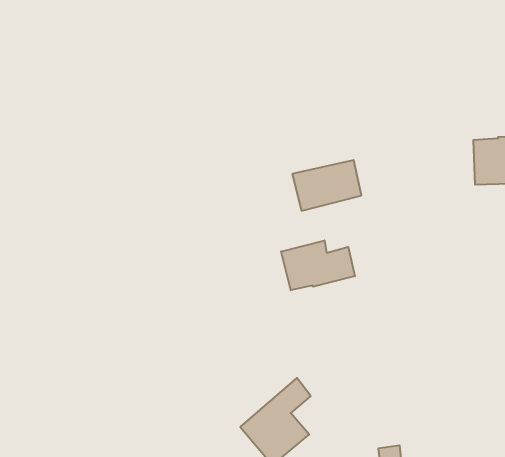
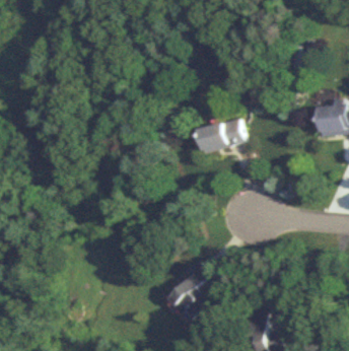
building: [281,240,355,290] -> none

